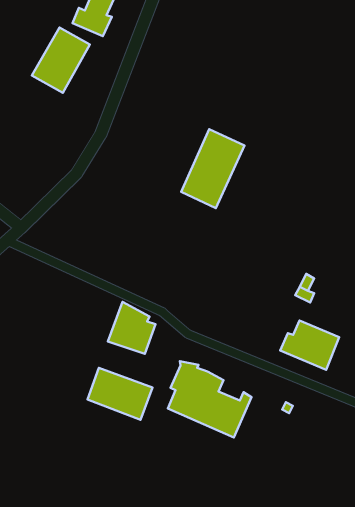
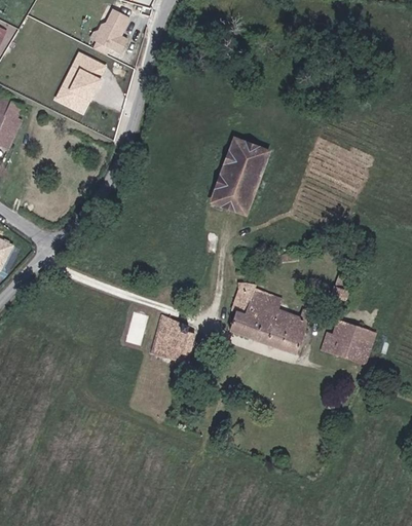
building: [168,361,252,438] -> [228,283,309,353]
building: [87,368,152,420] -> none

